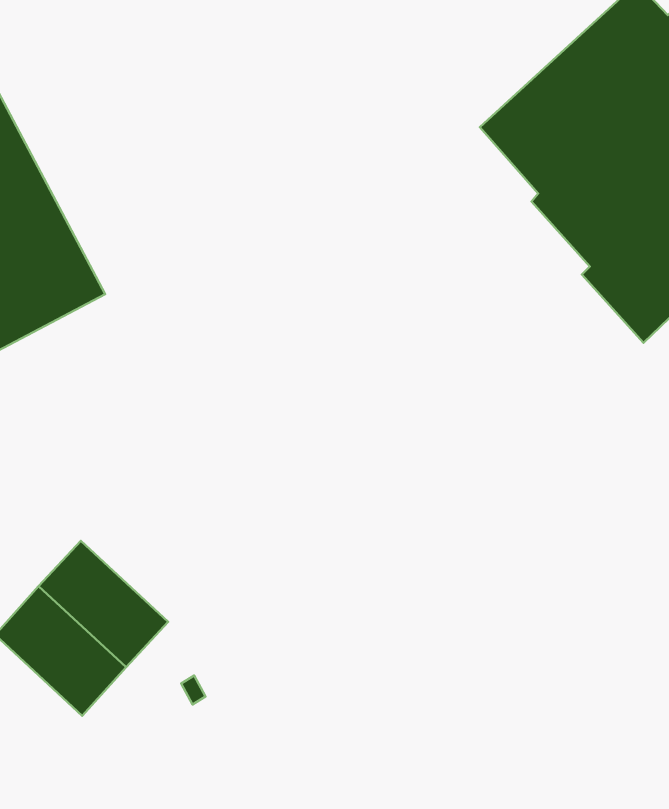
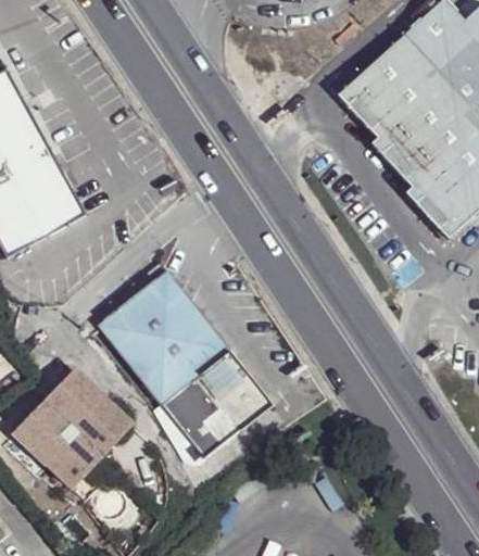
building: none -> [96,262,272,465]

